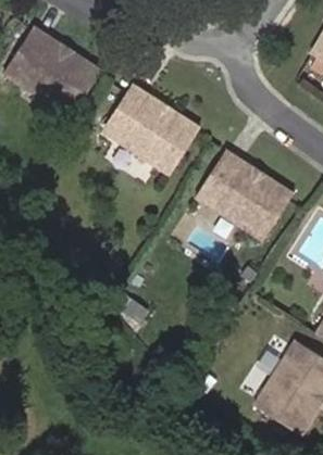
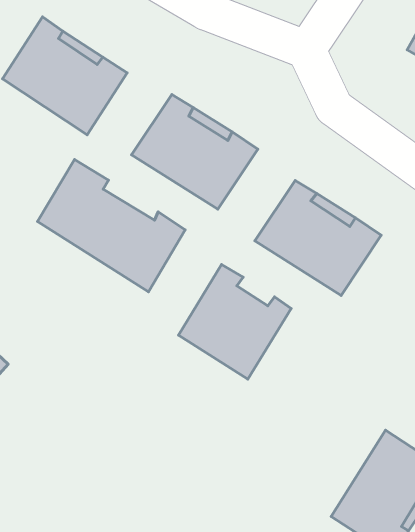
building: none -> [38,159,185,292]
building: none -> [178,264,291,379]

